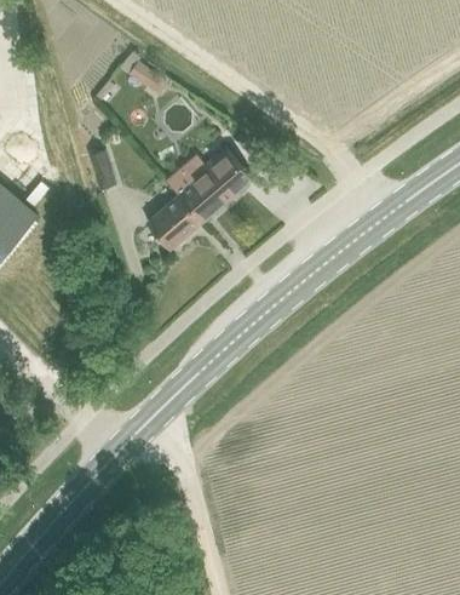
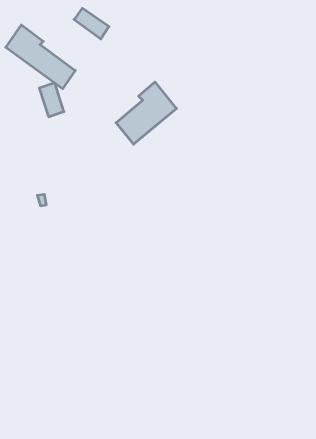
building: none -> [6,25,75,89]
building: [146,196,200,248] -> none

